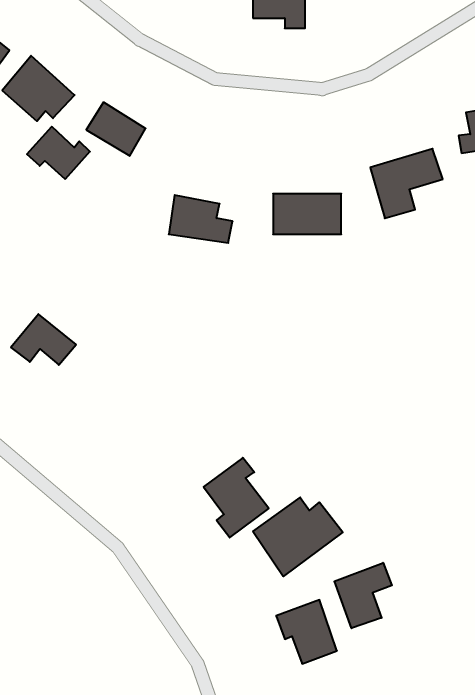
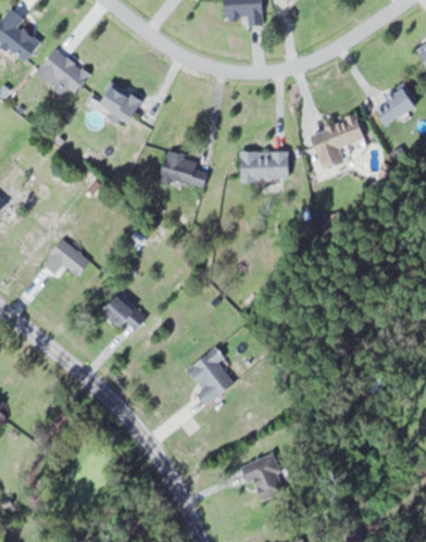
building: [27,127,90,179] -> none
building: none -> [109,295,145,331]
building: [253,497,343,576] -> none
building: [334,563,392,628] -> none

